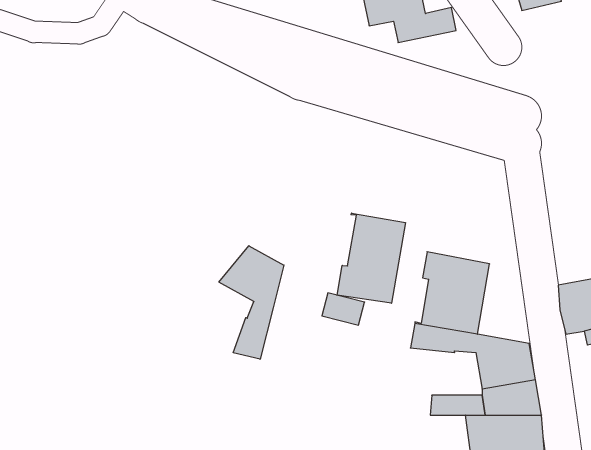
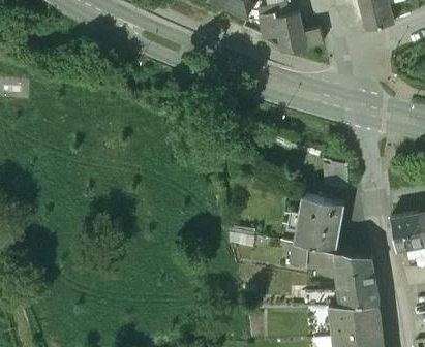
building: [337,213,405,303] -> none
building: [219,246,284,359] -> none

